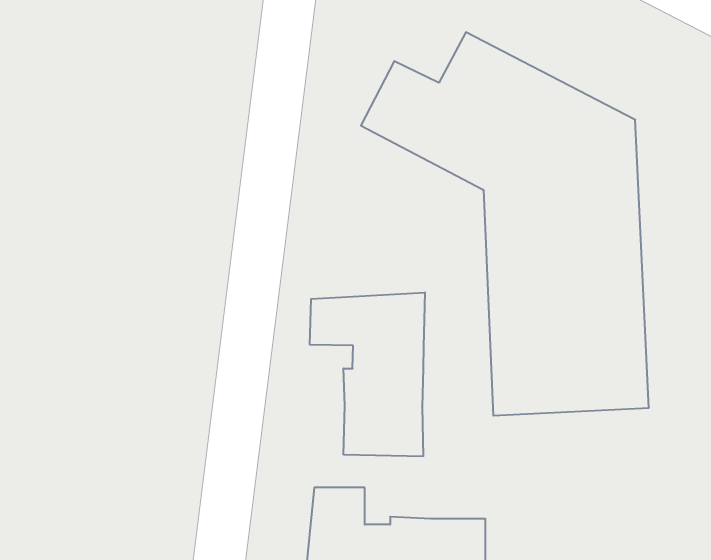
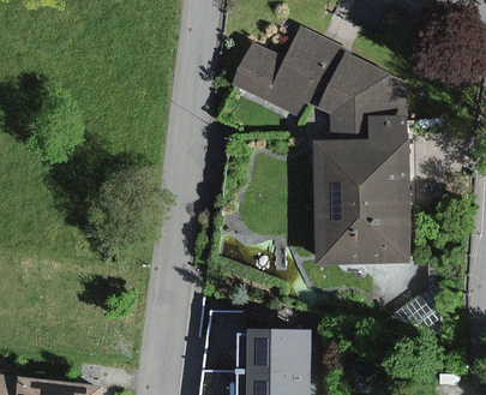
building: [310,292,425,456] -> none

